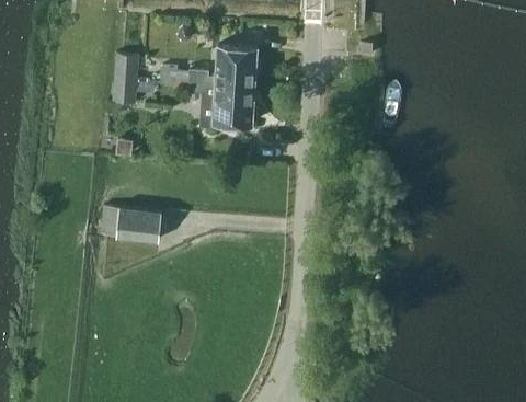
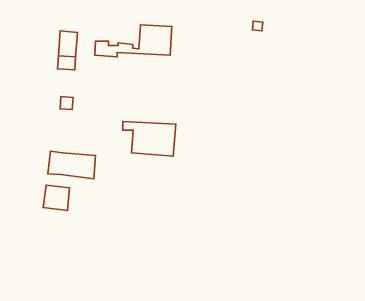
building: [188,82,255,126] -> [123,122,176,156]
building: none -> [43,185,70,210]

